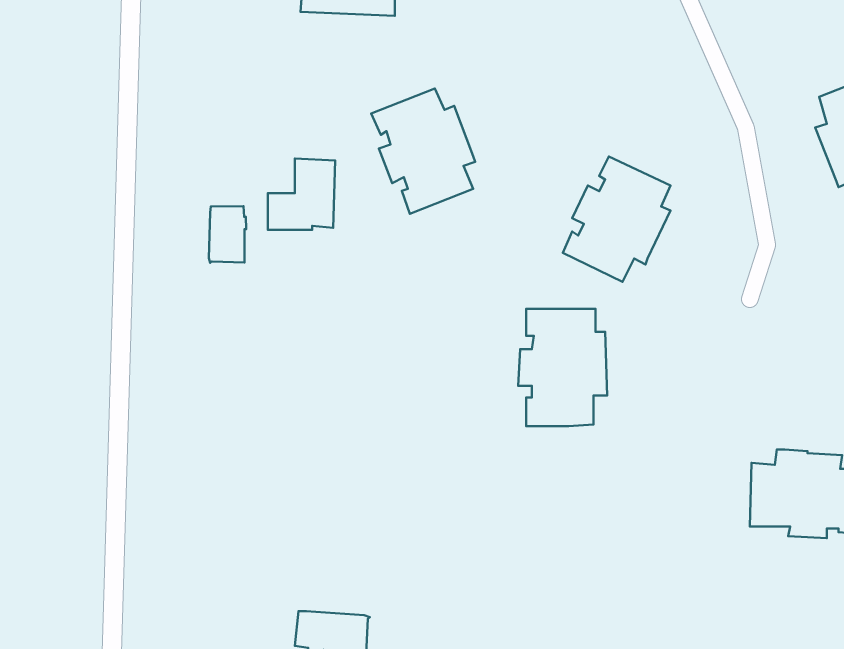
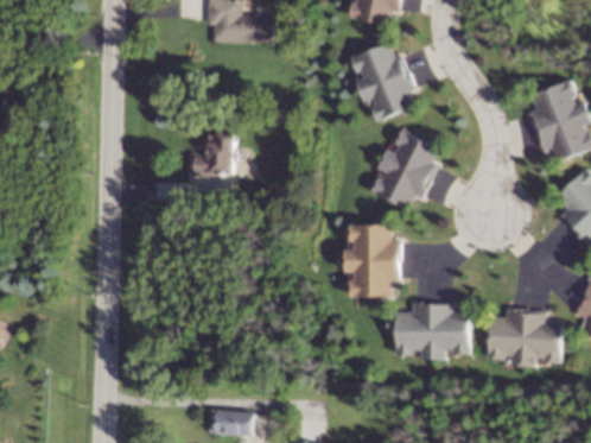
building: [371,89,475,214] -> [349,44,413,121]
building: [209,206,246,263] -> none
building: none -> [398,305,469,359]

